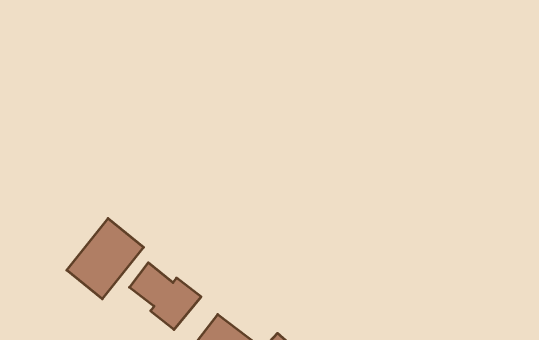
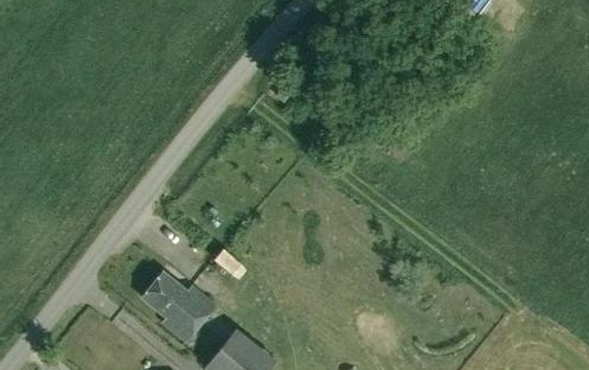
building: [67,218,144,299] -> none

